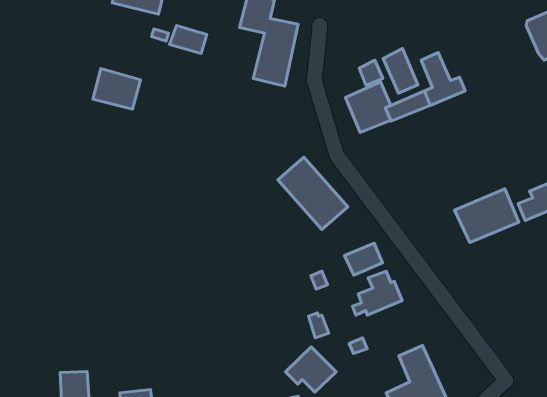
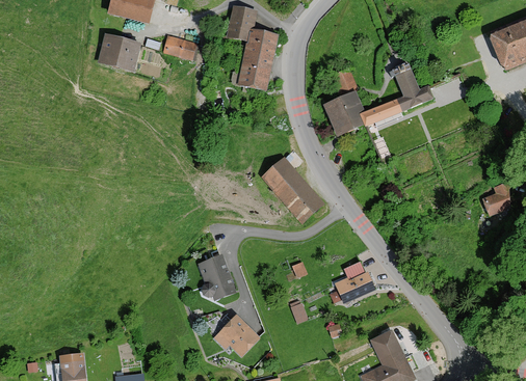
building: [383,49,418,93] -> none
building: [93,69,140,109] -> [97,34,140,72]
building: [455,189,519,242] -> none
building: [344,243,382,275] -> none
building: none -> [195,252,234,297]
building: [285,347,336,392] -> [212,312,259,354]

